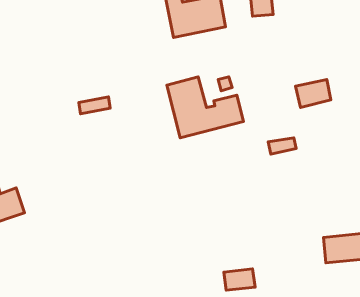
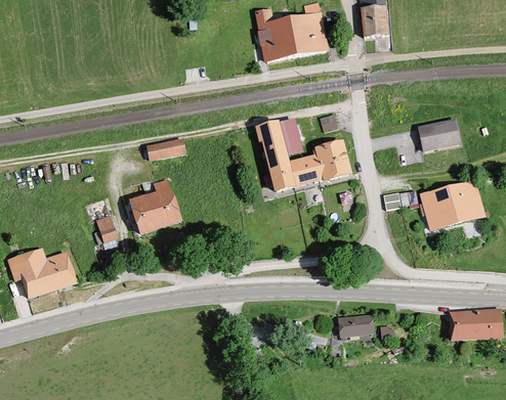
building: none -> [129,177,183,235]
building: none -> [420,179,483,230]
building: none -> [96,210,122,241]
building: [224,269,255,290] -> [337,313,376,340]

